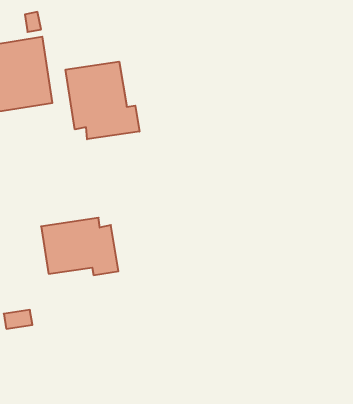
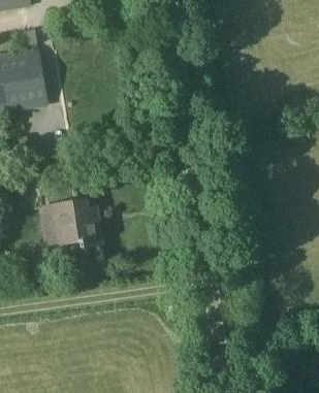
building: [66,62,139,139] -> none

